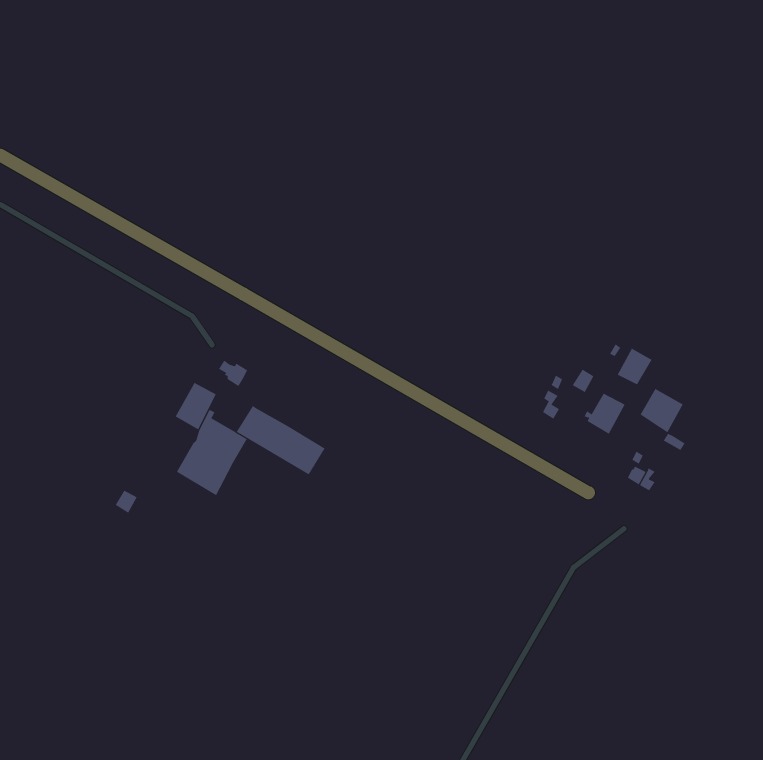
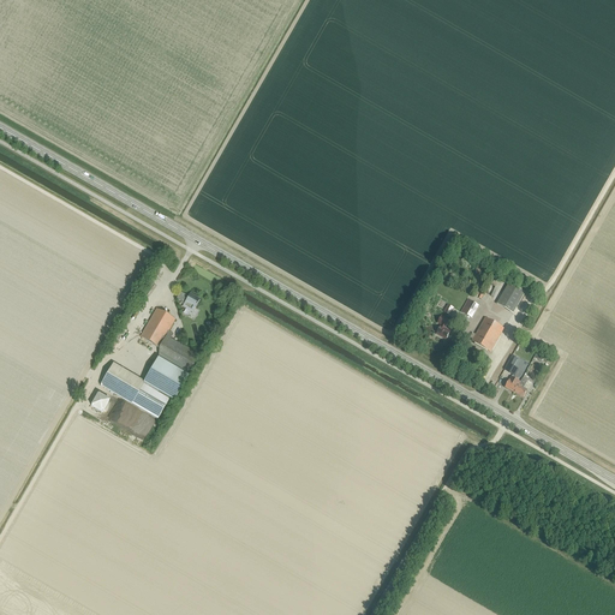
building: [640,388,684,433] -> none
building: [236,405,326,475] -> [100,363,172,419]

